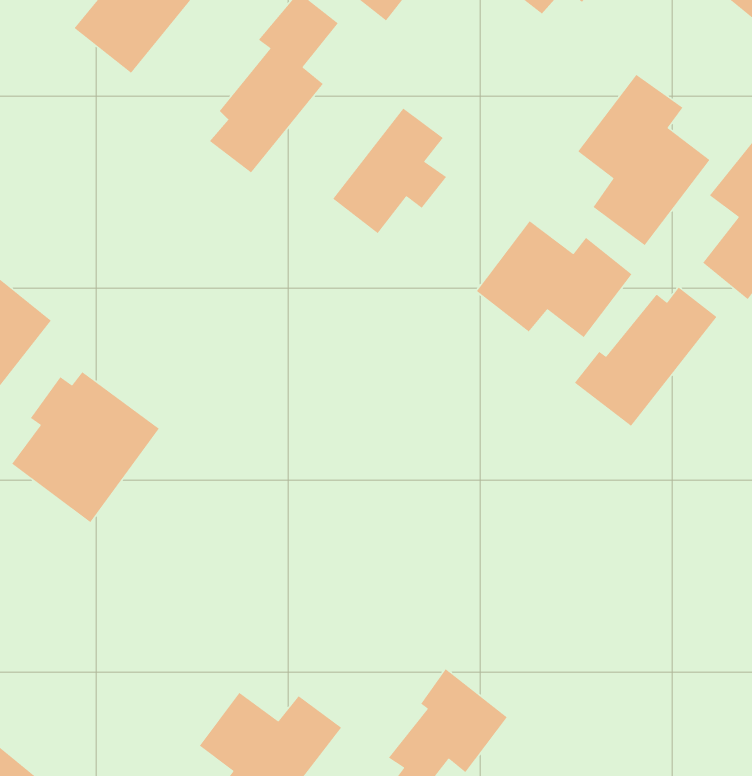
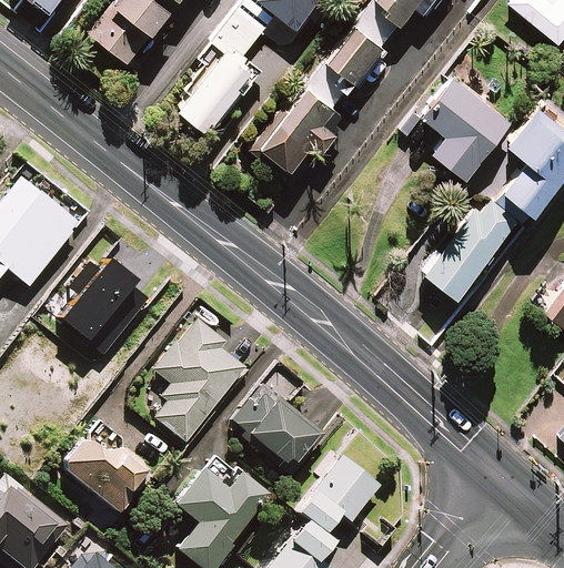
building: none -> [330,26,385,92]
building: [476,220,633,338] -> none
building: none -> [154,320,243,443]
building: none -> [239,390,324,473]
building: none -> [61,437,147,510]

